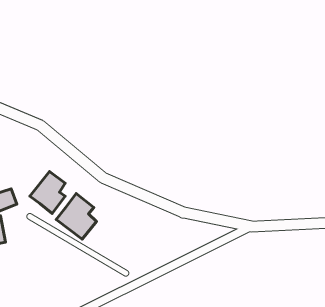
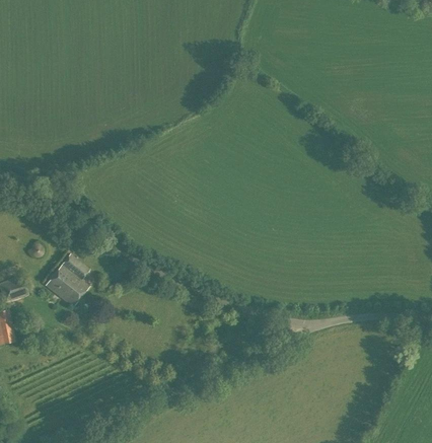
building: [56,194,96,239] -> none

